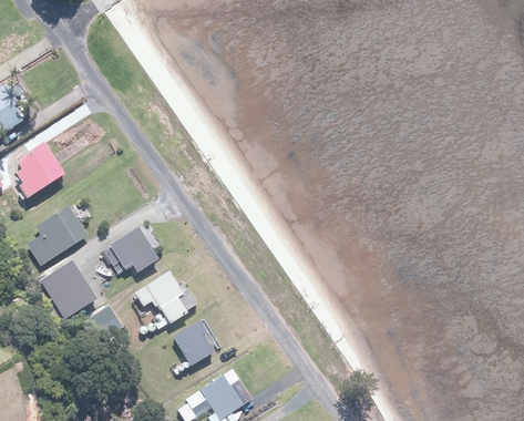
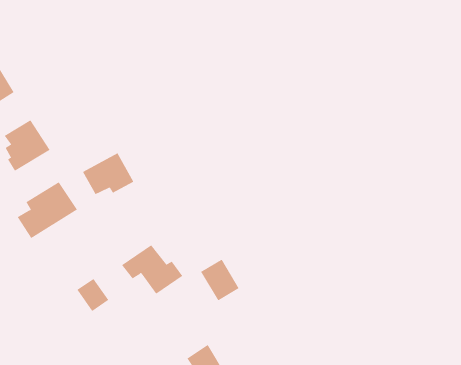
building: [105,229,158,273] -> [82,152,134,195]
building: [41,263,95,319] -> none
building: [173,322,213,366] -> [200,259,239,301]

